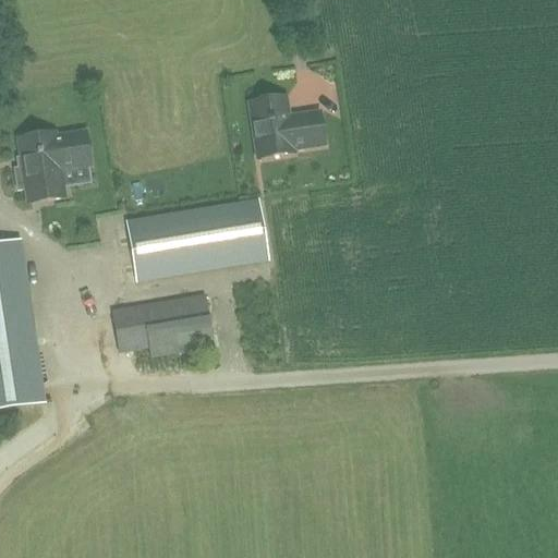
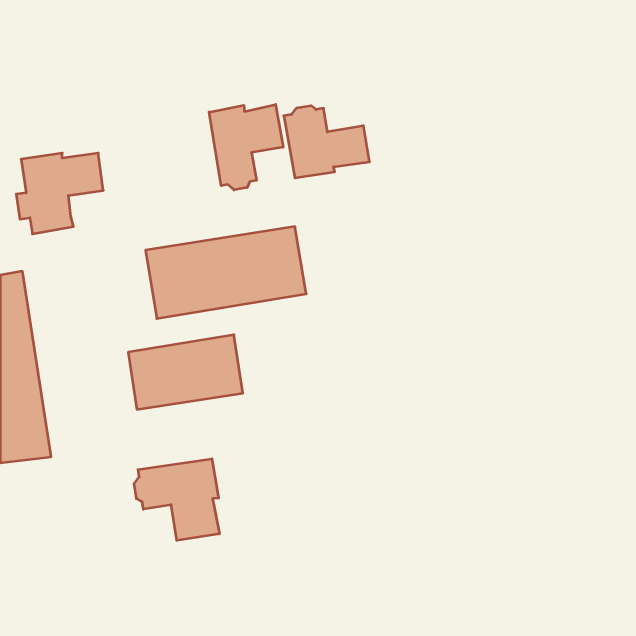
building: none -> [209,104,283,190]
building: none -> [134,459,219,540]

